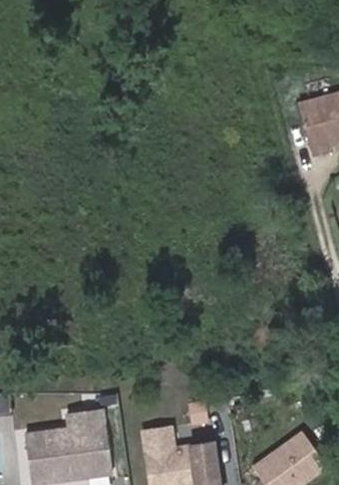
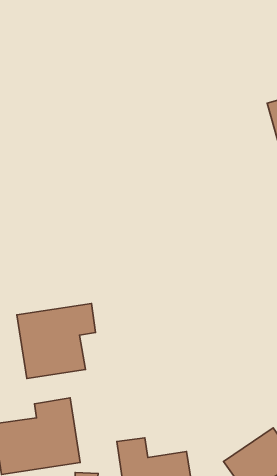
building: none -> [17,303,96,378]

